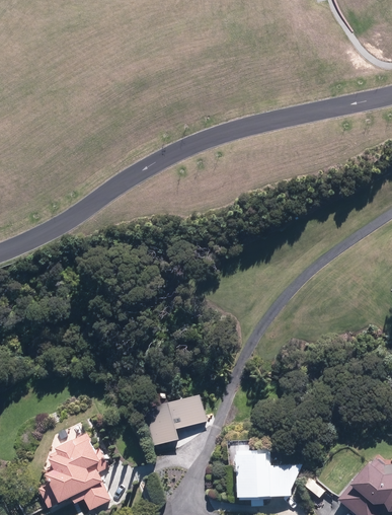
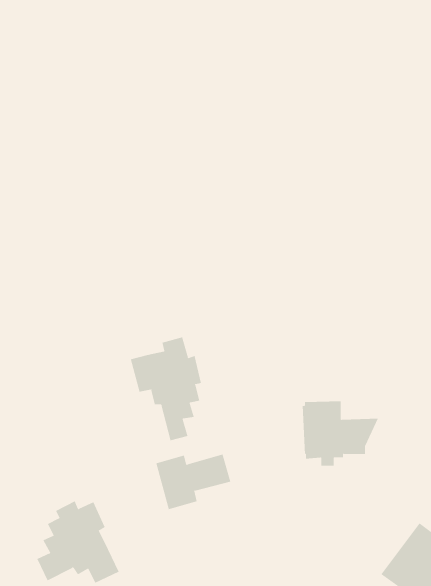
building: none -> [130,337,202,441]
building: [235,448,302,505] -> [302,401,379,466]

